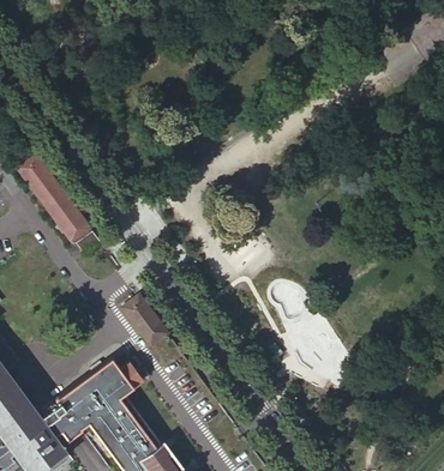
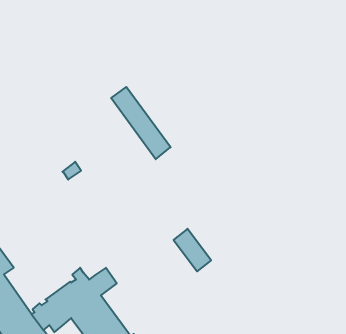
building: [19,156,91,243] -> [111,87,171,159]
building: [122,295,168,346] -> [174,229,211,271]

